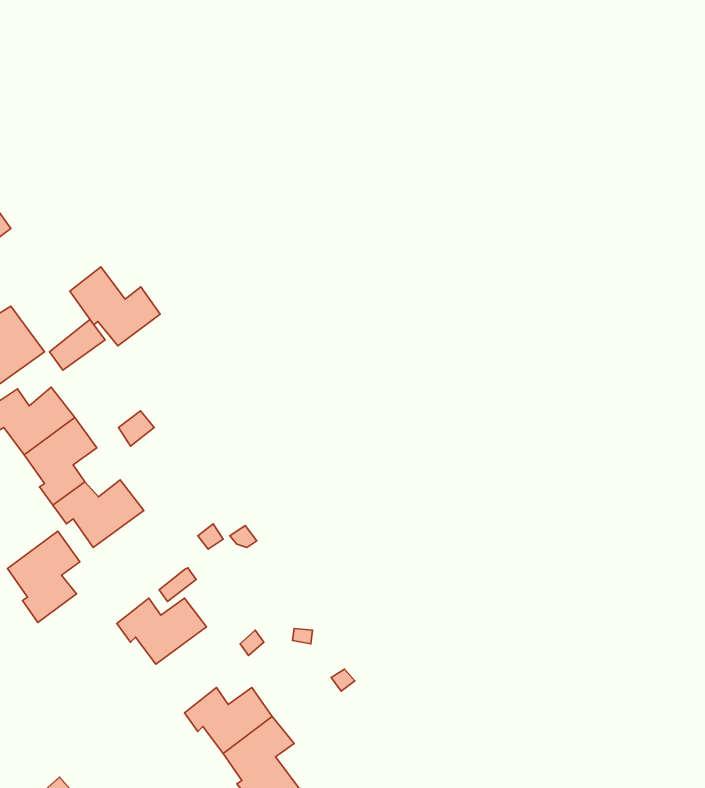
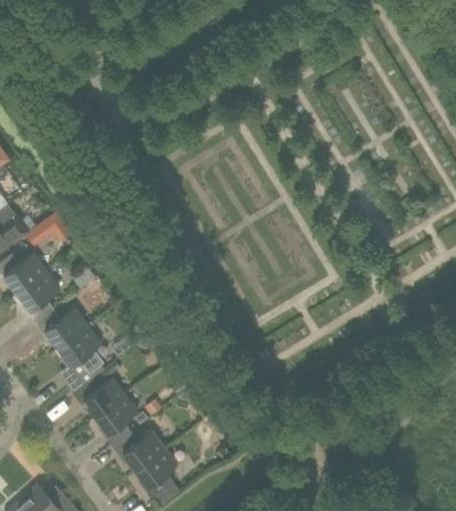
building: [70,267,160,346] -> none
building: [7,531,80,622] -> [58,326,101,380]
building: none -> [95,396,138,447]

